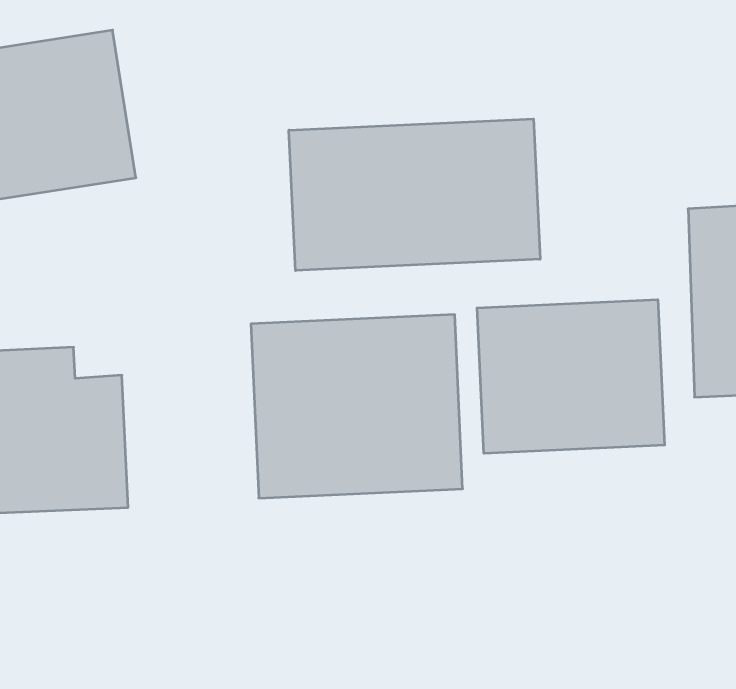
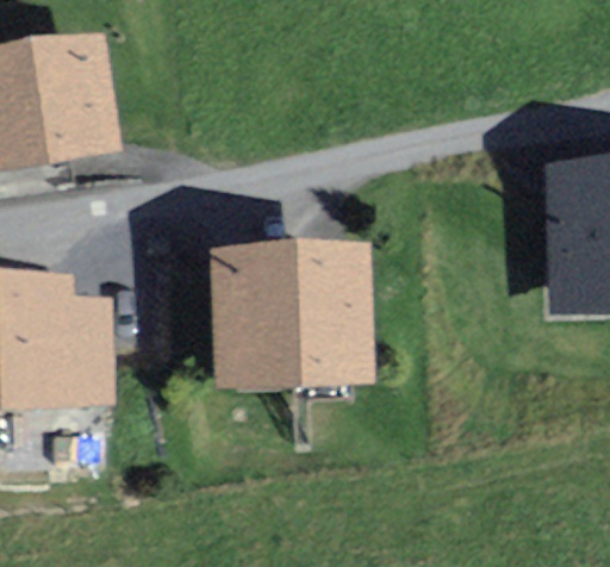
building: [289,119,540,271] -> none
building: [477,300,665,453] -> none

